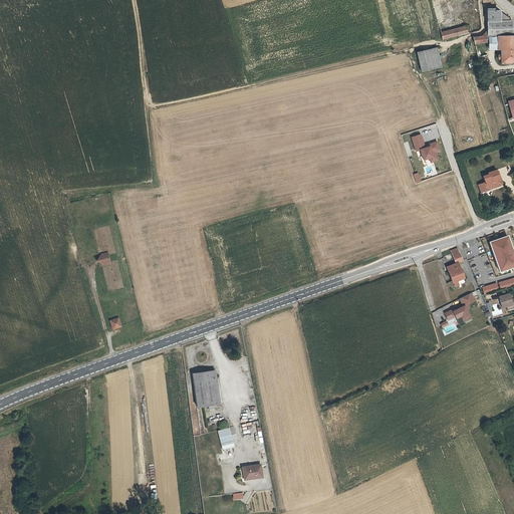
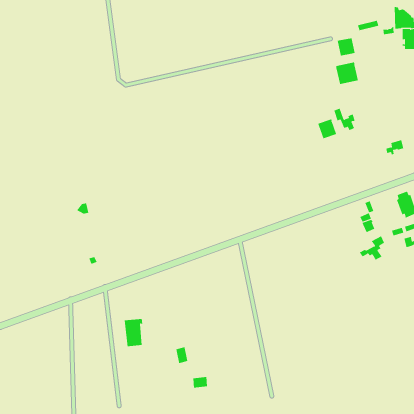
building: none -> [336,62,359,85]
building: none -> [318,119,337,139]
building: [193,372,217,408] -> [124,318,143,347]

